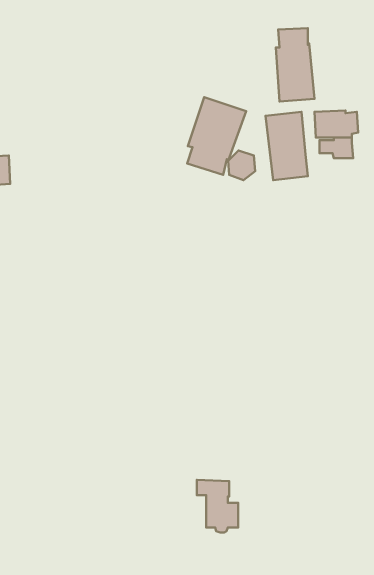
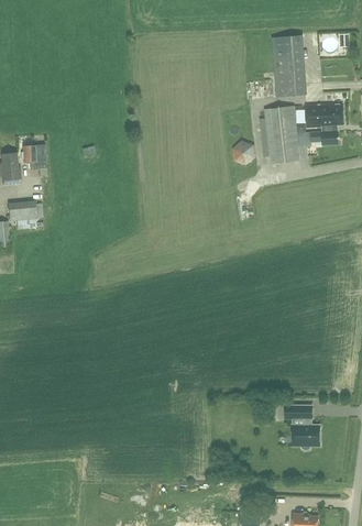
building: [187,97,246,175] -> none
building: [197,480,238,533] -> [285,403,320,448]

